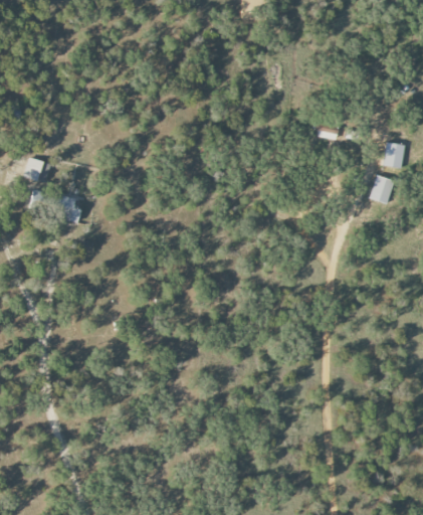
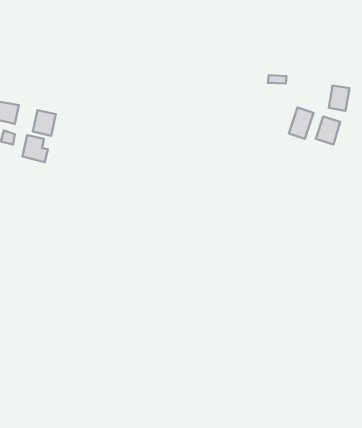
building: none -> [289,108,314,139]
building: none -> [33,110,56,136]

